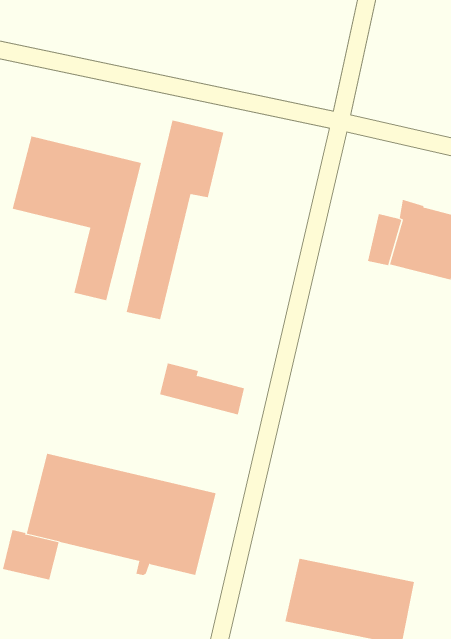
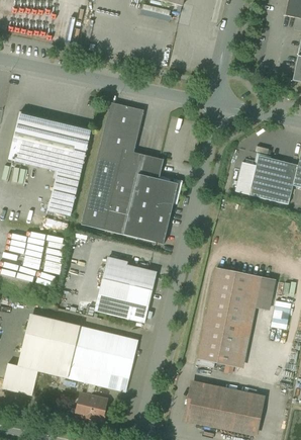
building: none -> [103,149,178,243]
building: none -> [198,267,270,365]
building: none -> [95,276,153,322]
building: none -> [78,392,107,420]

